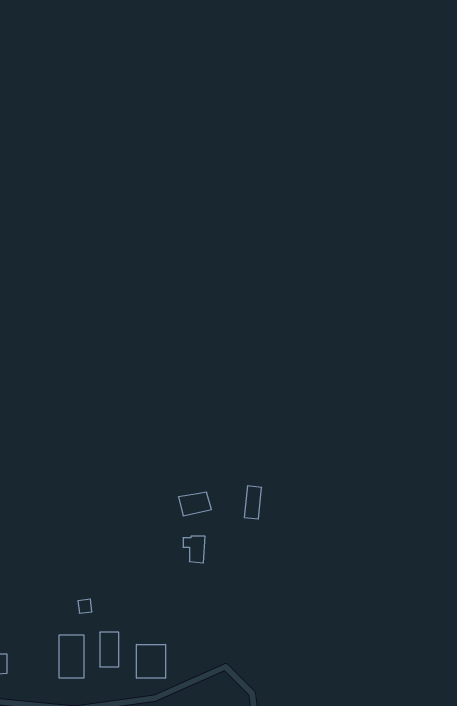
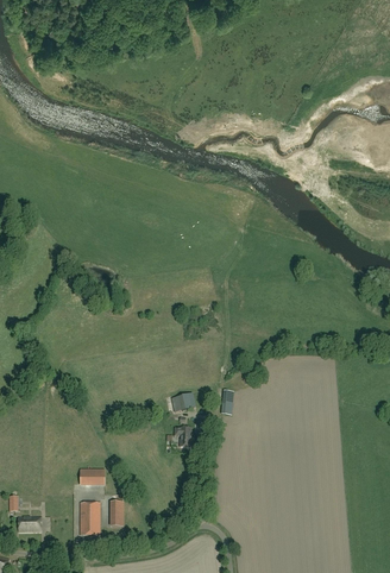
building: [137,644,165,678] -> none

